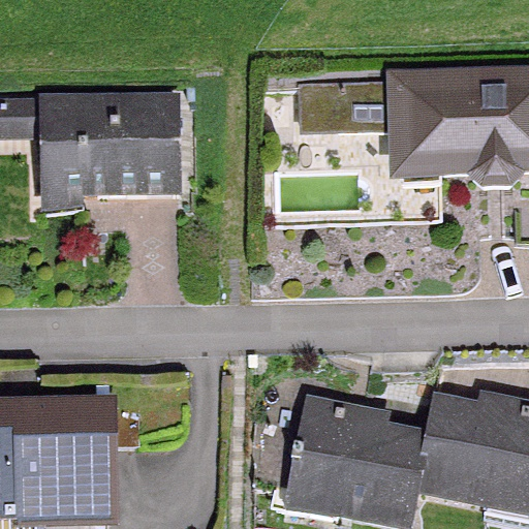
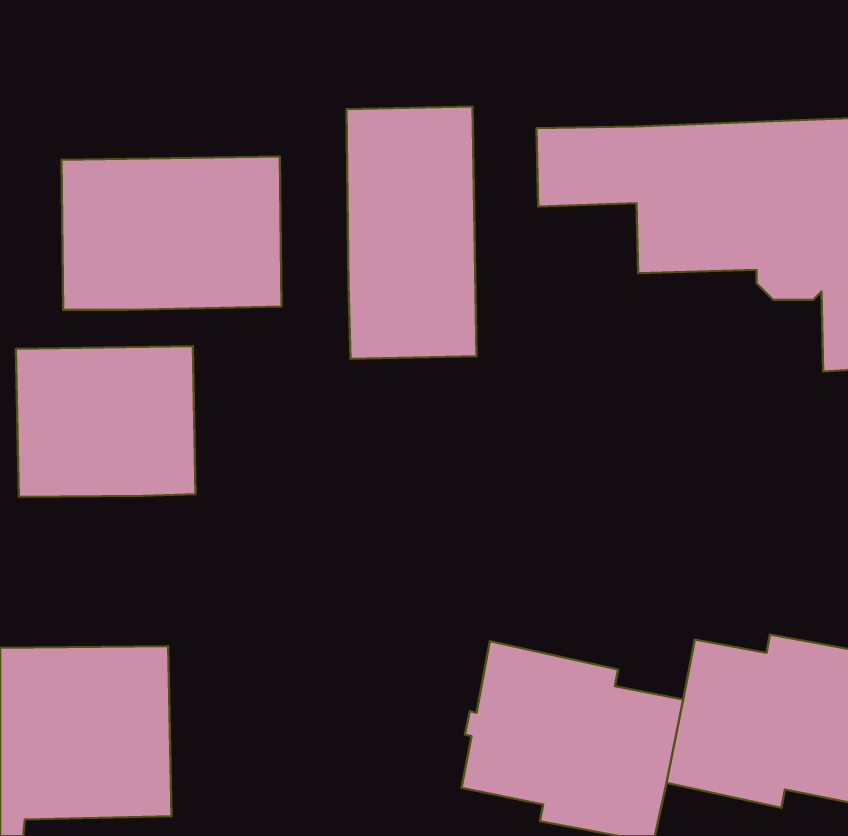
building: none -> [347,106,476,359]
building: none -> [16,346,196,497]

